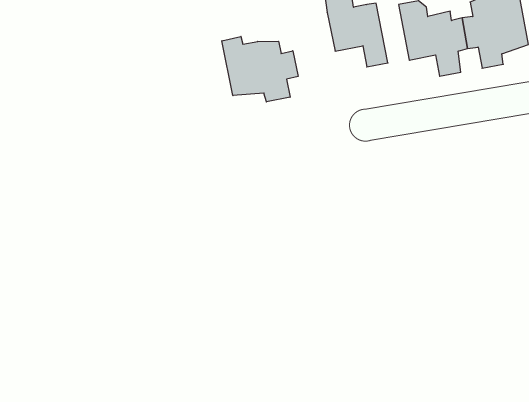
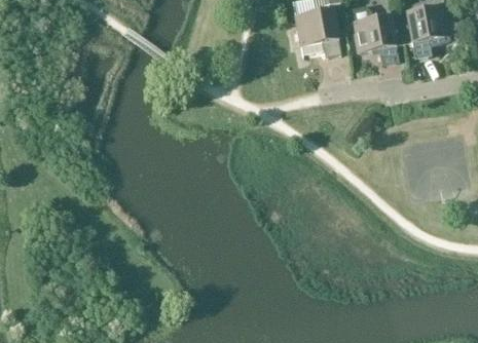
building: [222,36,298,102] -> none

